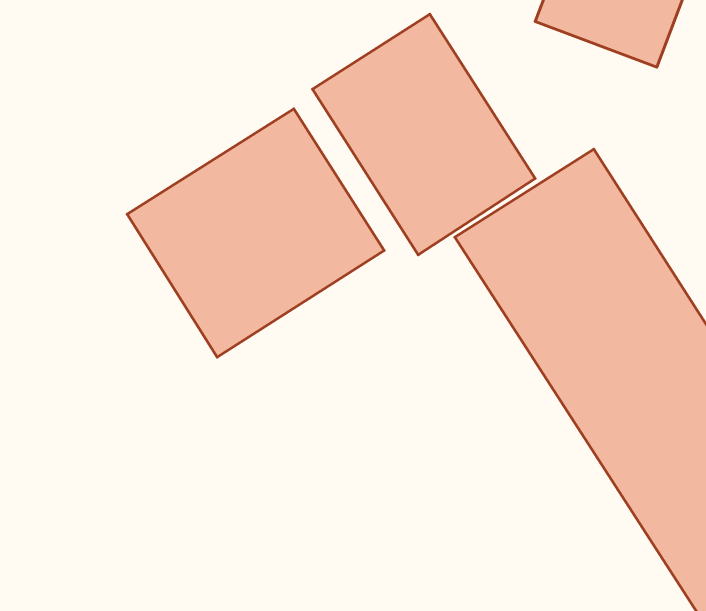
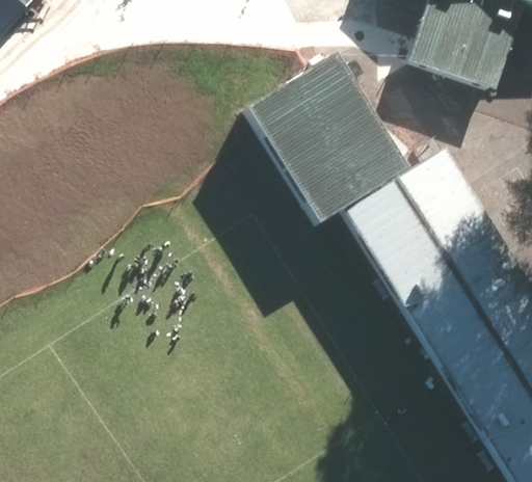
building: [127,109,384,357] -> none

